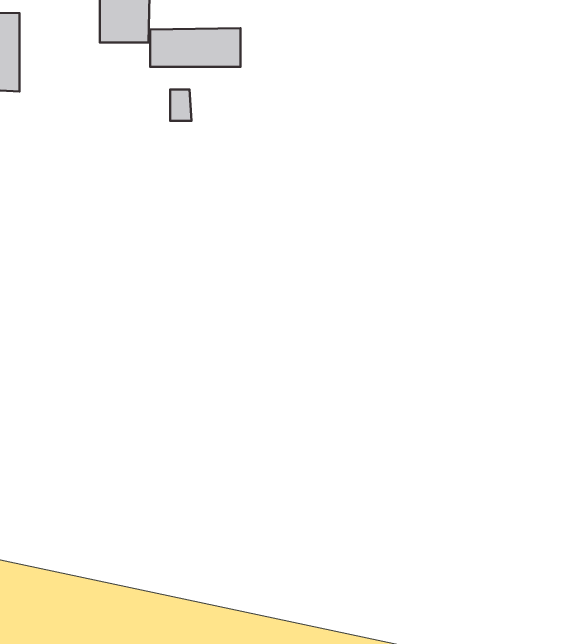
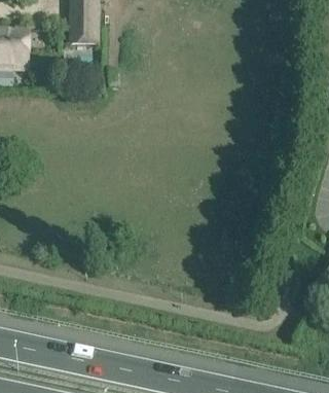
building: [150,28,240,67] -> none

